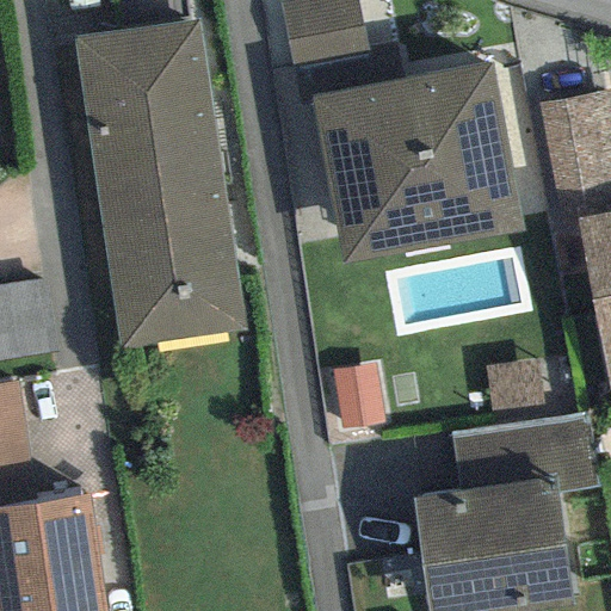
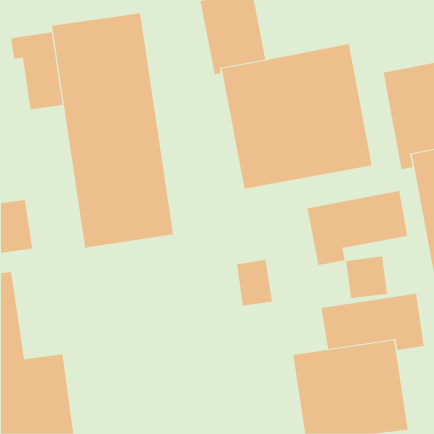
building: none -> [10,31,63,110]
building: none -> [307,190,408,266]

